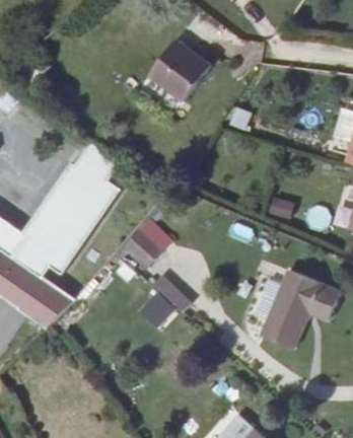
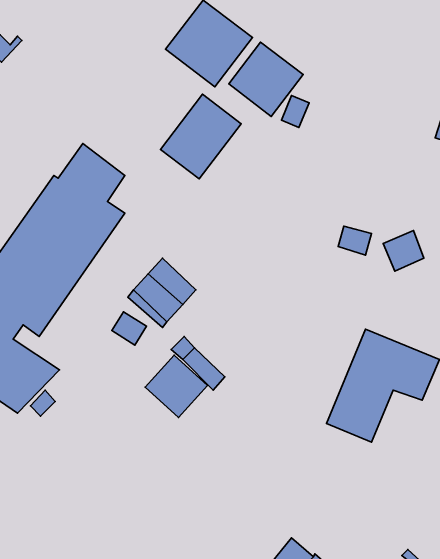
building: none -> [229,42,303,116]
building: none -> [160,94,241,179]

